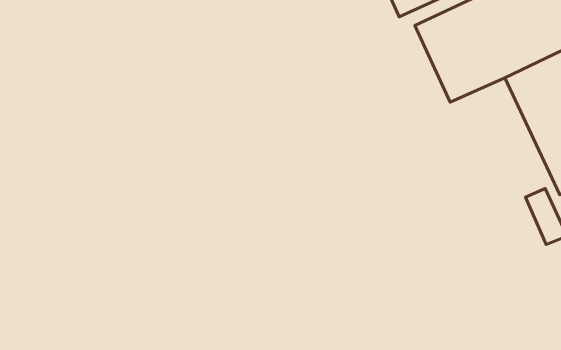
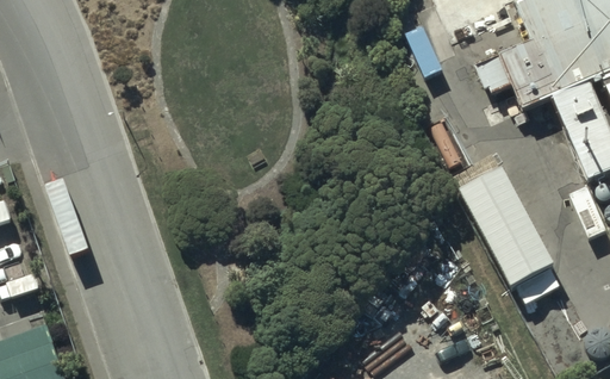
building: none -> [463,169,559,290]

